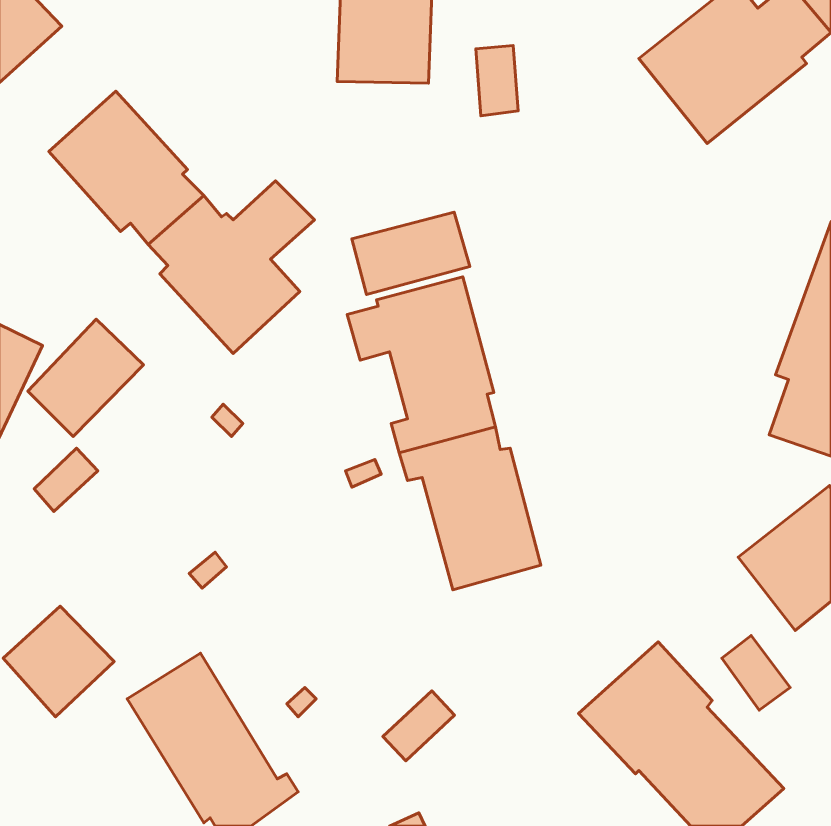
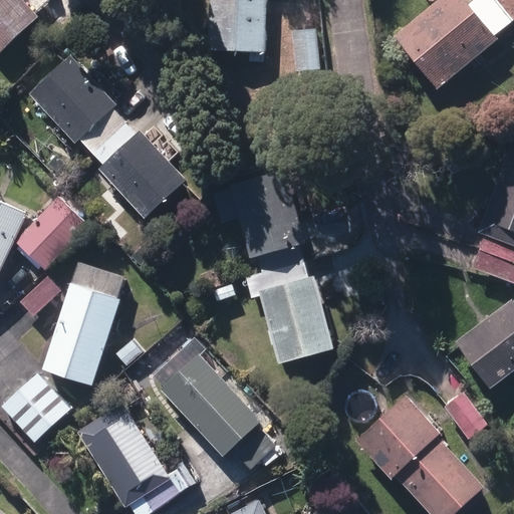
building: [352,212,470,295] -> none
building: none -> [43,262,123,386]
building: none -> [155,336,261,456]

